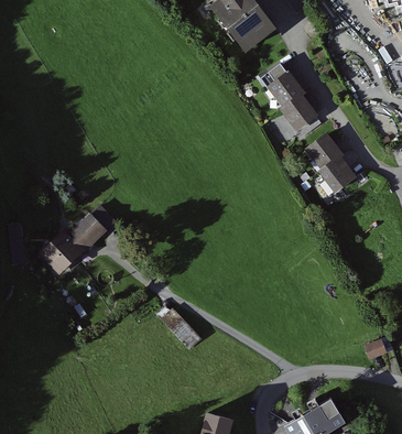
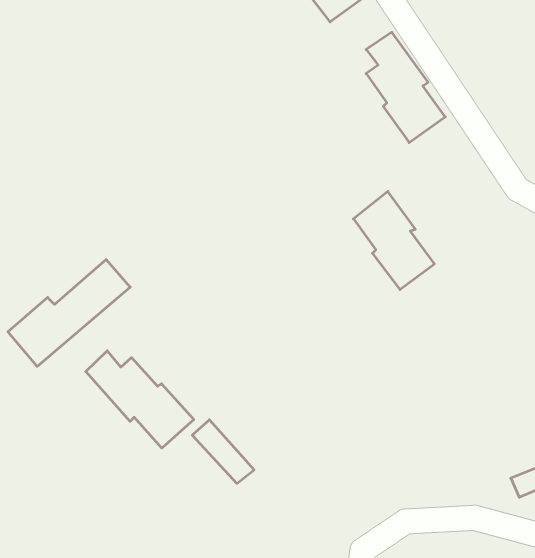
building: [309,131,361,194] -> [353,191,434,290]
building: none -> [86,351,194,448]

